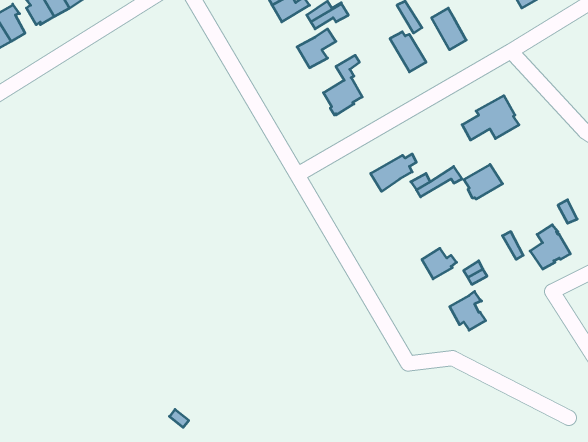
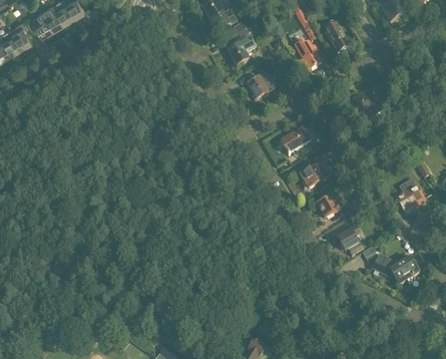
building: [464,164,503,199] -> [299,162,327,188]
building: none -> [362,242,419,284]

